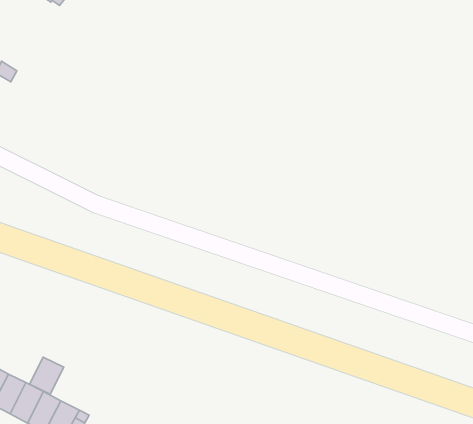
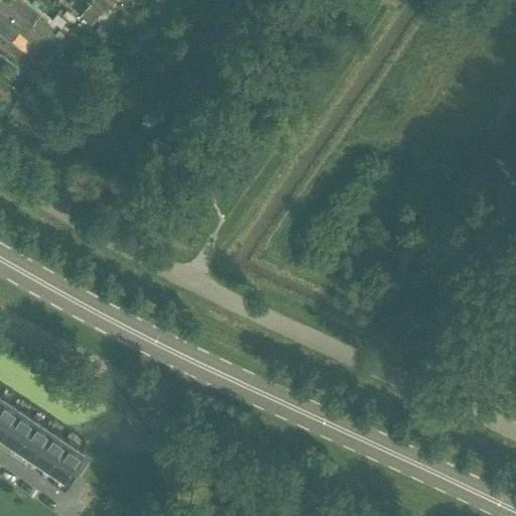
building: [30,357,64,394] -> none

